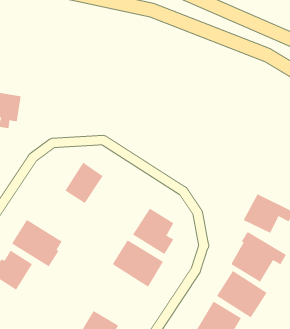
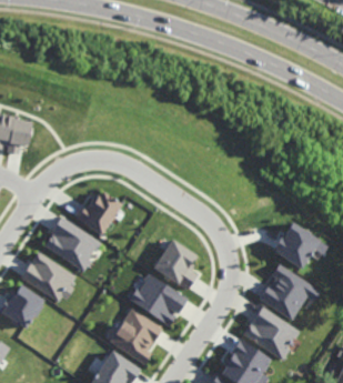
building: none -> [43,218,100,269]
building: none -> [109,308,162,363]

